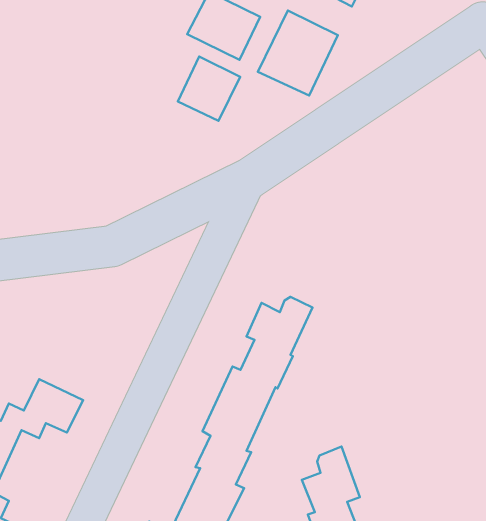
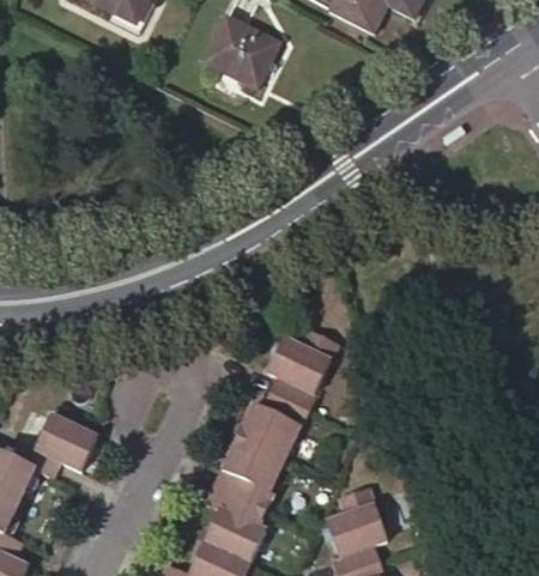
building: [258,11,338,96] -> none
building: [178,57,240,121] -> none

